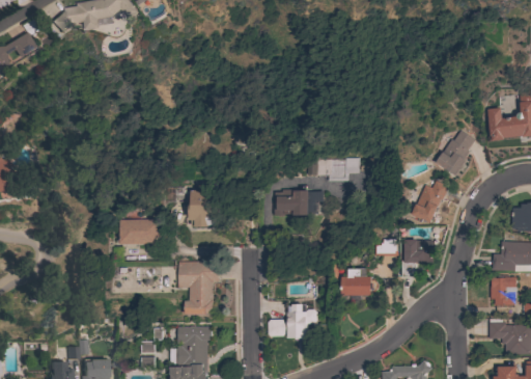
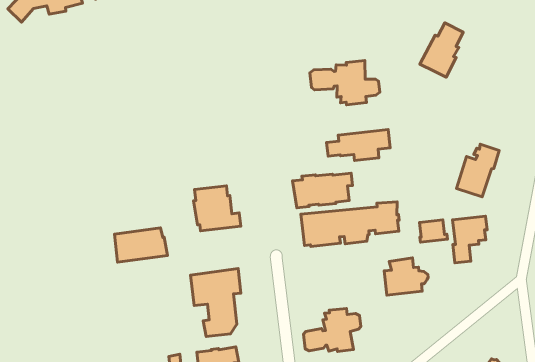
building: none -> [310,61,380,105]
building: [436,130,475,175] -> [420,23,463,77]
building: none -> [301,202,399,247]

